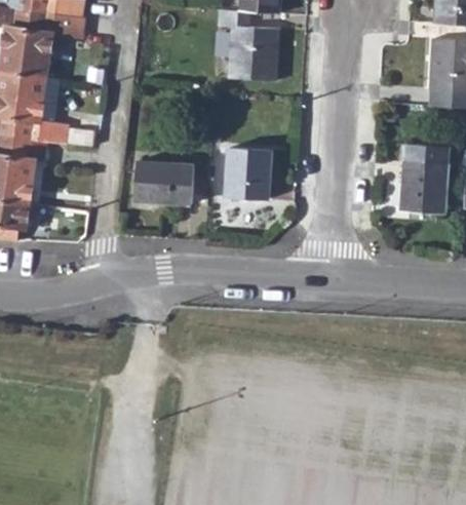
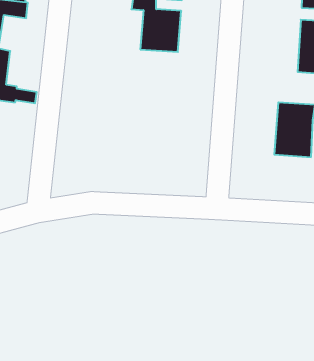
building: [226,148,273,199] -> none
building: [135,160,194,203] -> none

